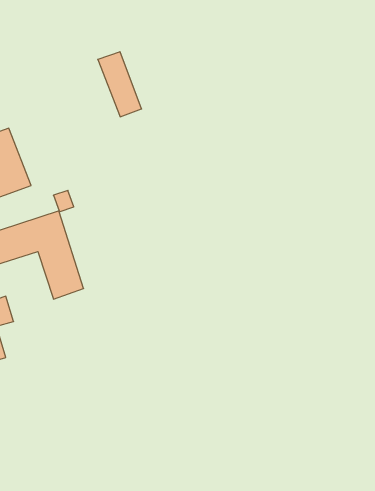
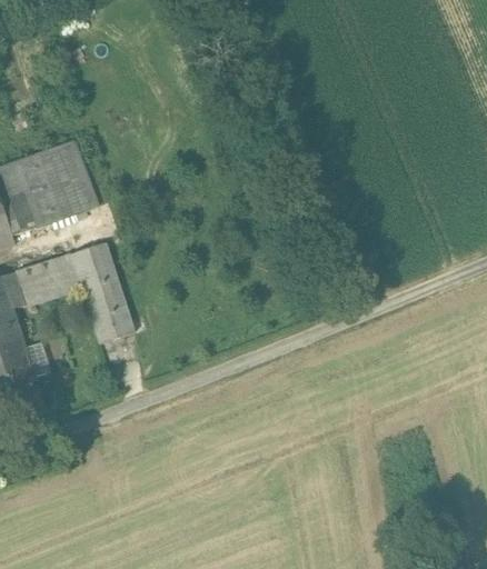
building: [98,52,142,117] -> [48,138,98,212]

